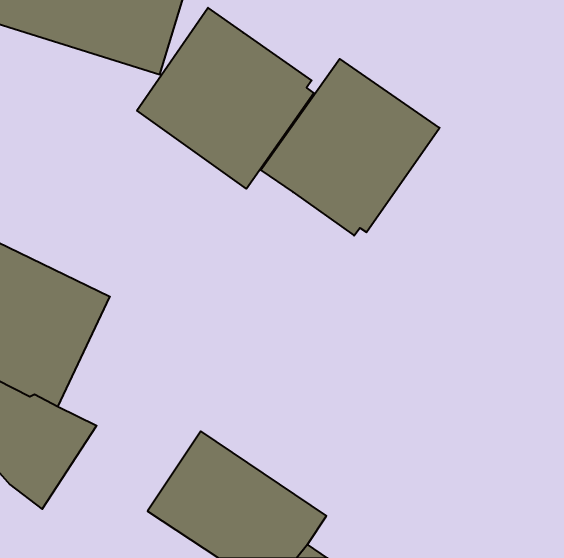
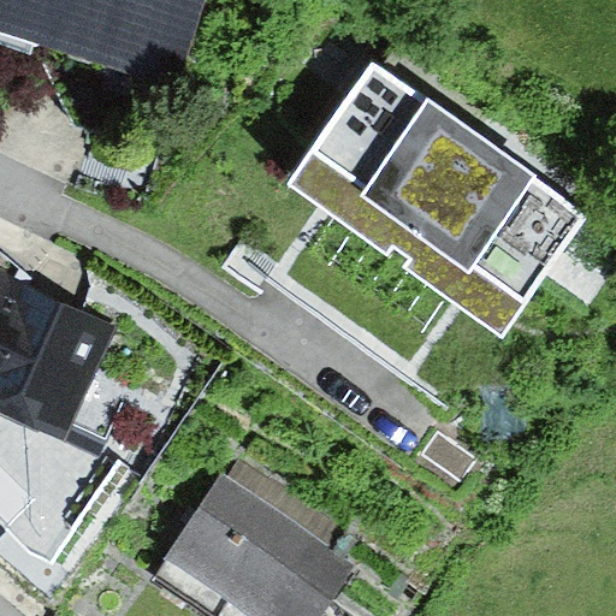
building: [137,8,314,189] -> none
building: none -> [397,138,587,337]

